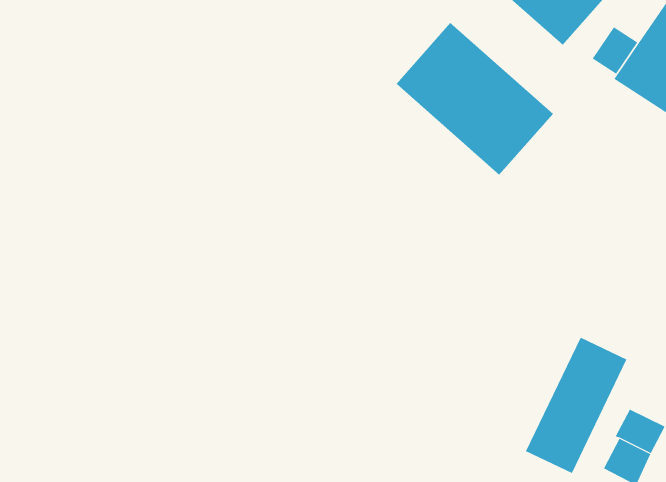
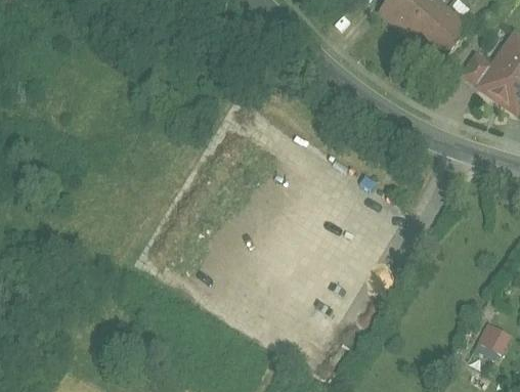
building: [396,22,554,175] -> none
building: [525,337,627,474] -> none

